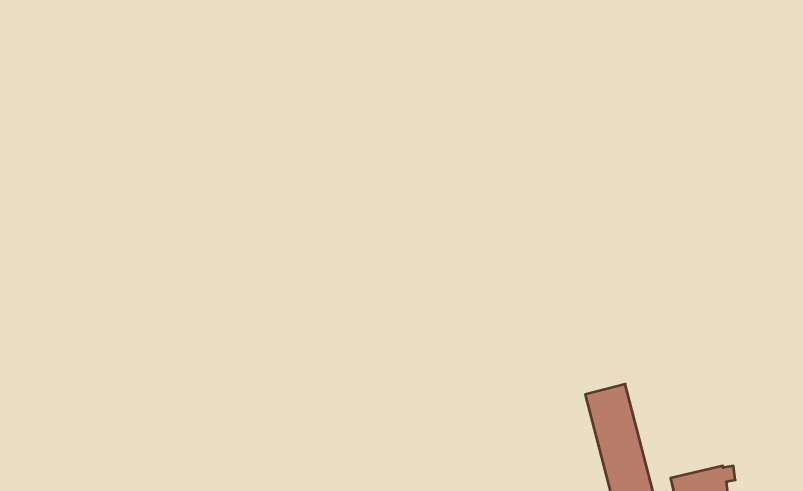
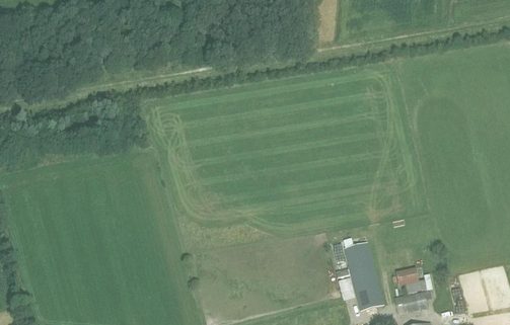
building: none -> [395,265,426,293]

